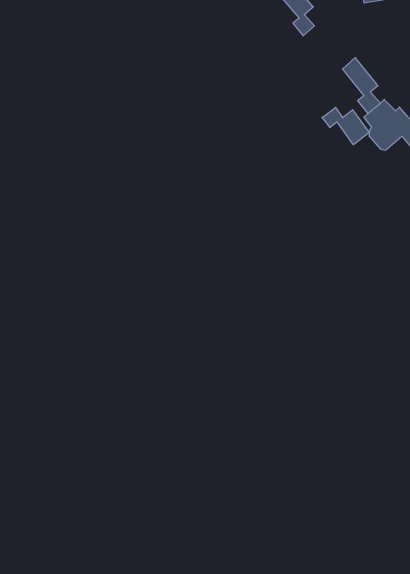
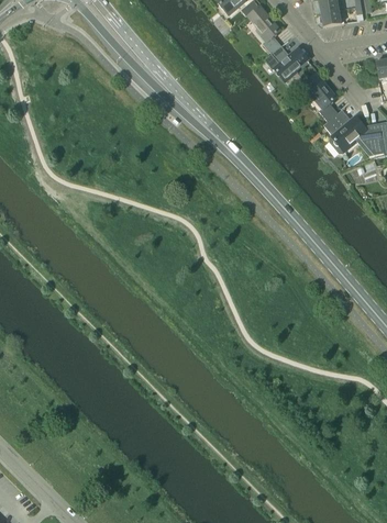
building: none -> [264,45,307,79]
building: [322,107,369,145] -> none

